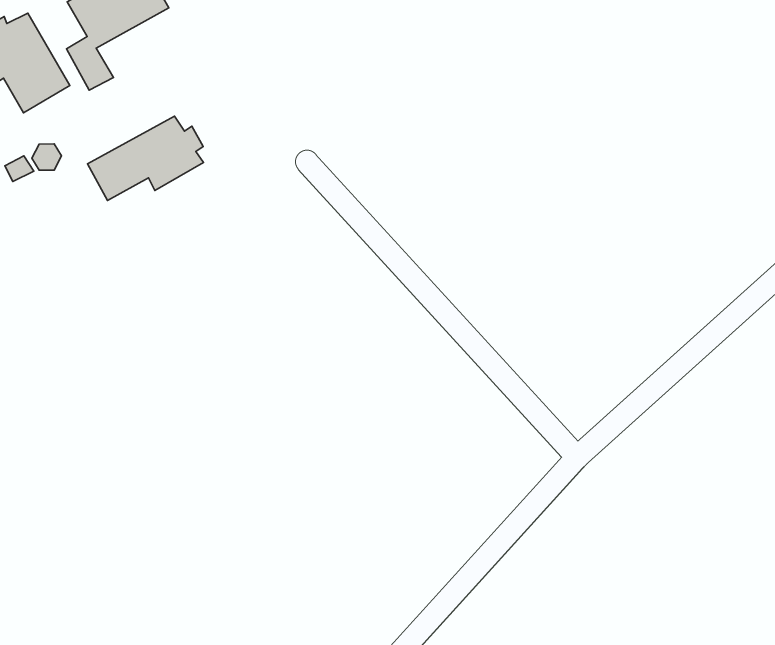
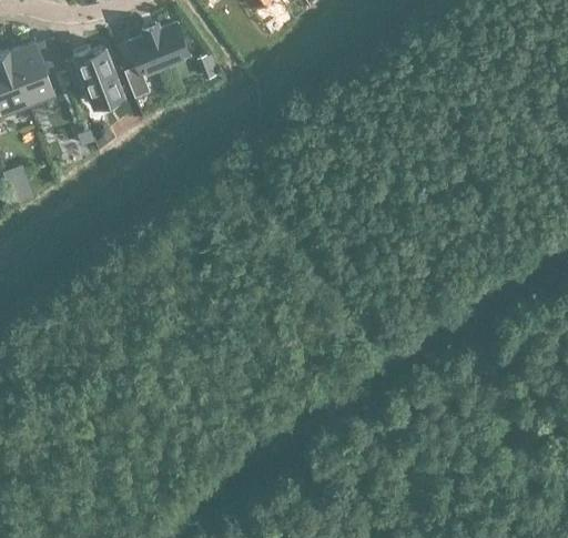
building: [88,116,203,200] -> none

